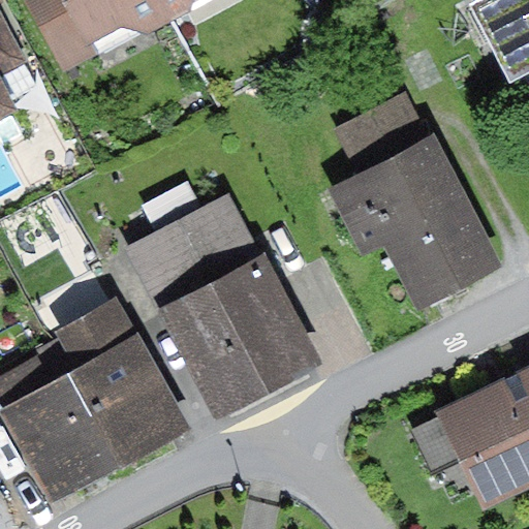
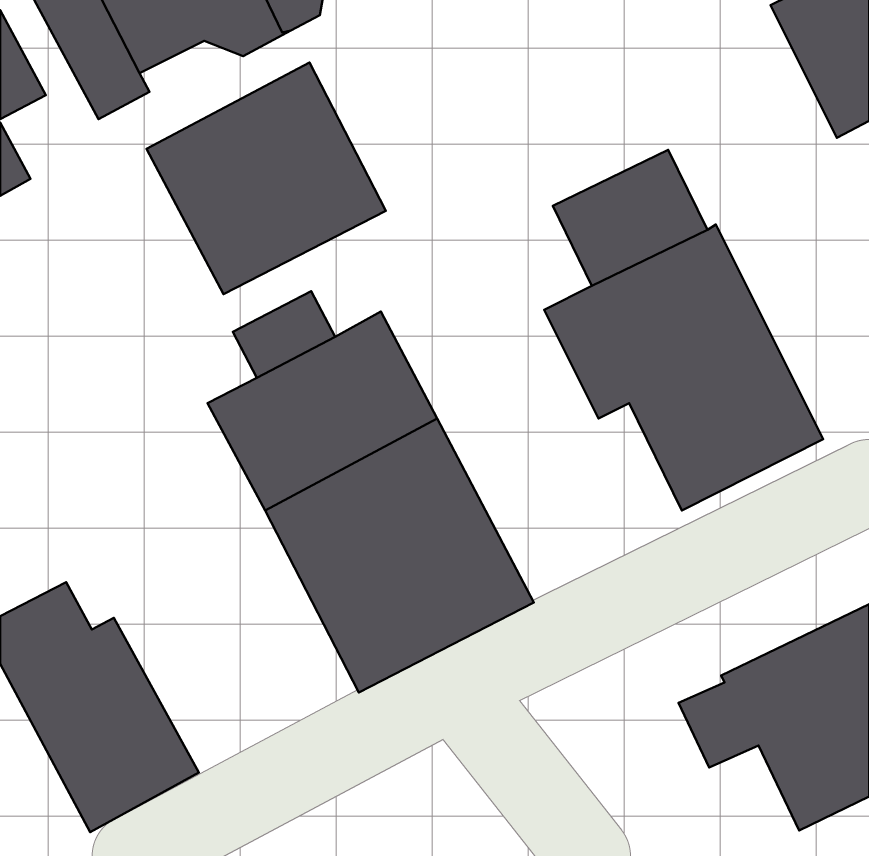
building: none -> [146,62,386,294]
building: [56,299,190,469] -> none

